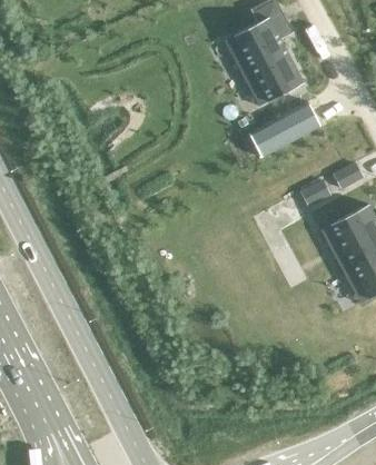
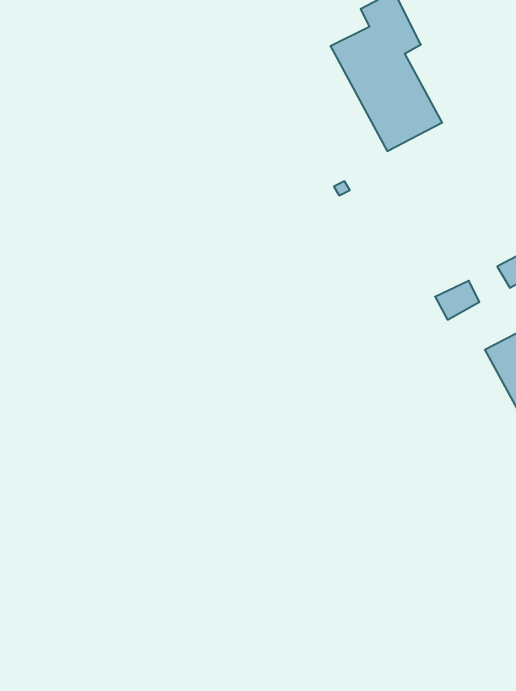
building: [244,102,317,160] -> none

